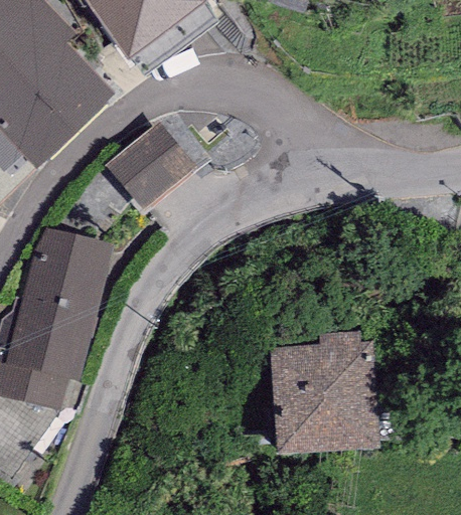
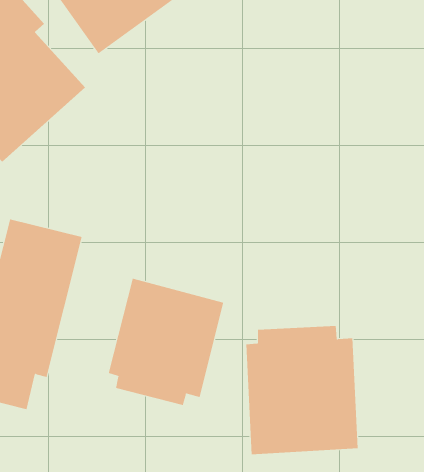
building: [107,123,193,207] -> none
building: none -> [108,278,224,406]

